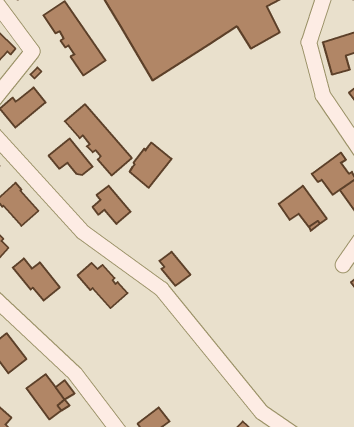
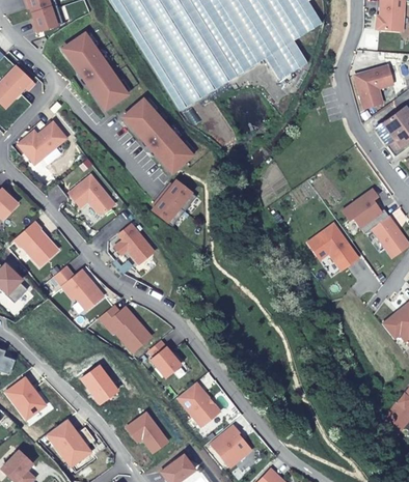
building: [65,104,132,175] -> [122,98,192,172]
building: [159,252,190,286] -> [148,340,181,375]
building: [13,258,60,301] -> [54,265,103,309]
building: none -> [81,364,117,402]
building: none -> [178,381,219,425]
building: none -> [127,412,167,450]
building: none -> [211,424,250,465]

